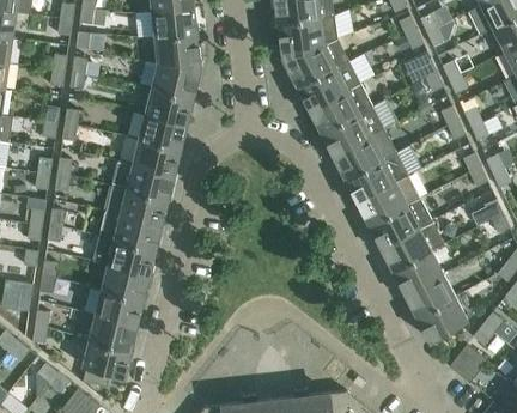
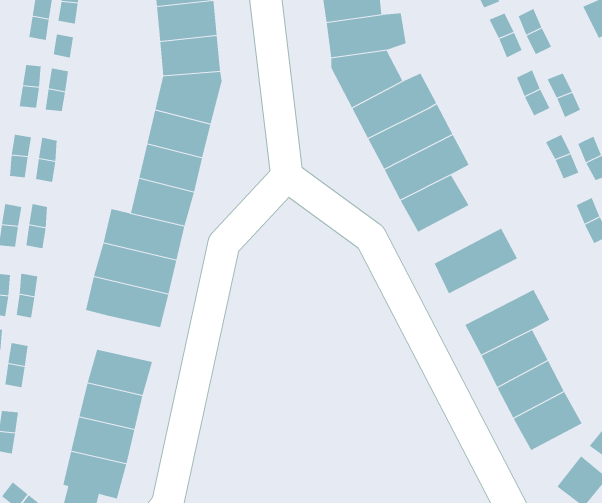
building: [346,152,408,201] -> none
building: [369,198,432,247] -> none
building: [108,239,156,274] -> none

